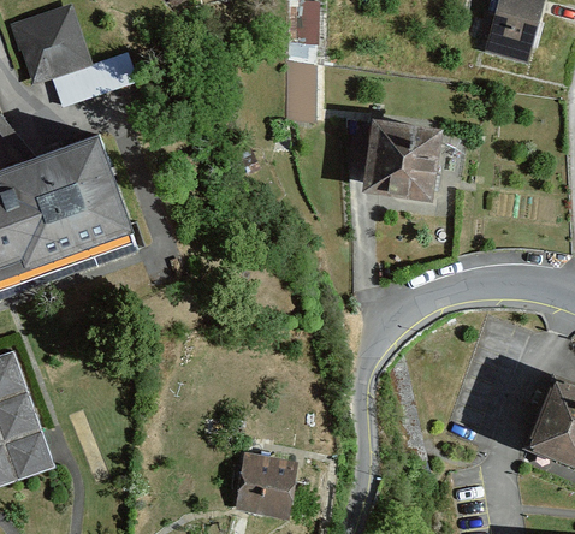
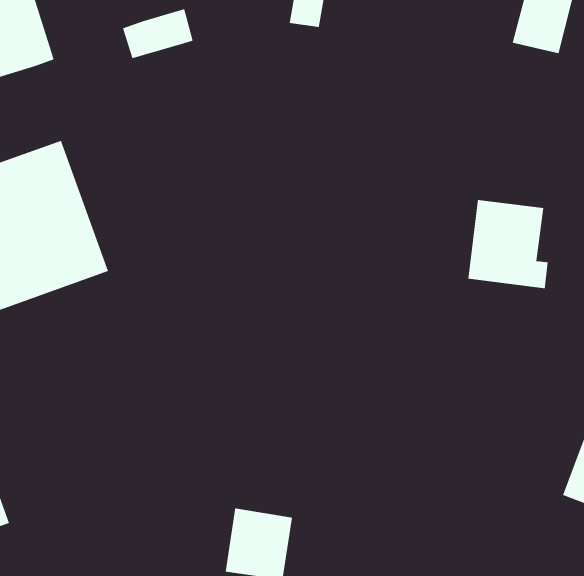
building: [75,54,136,97] -> [122,9,193,59]
building: [288,65,313,118] -> none
building: [363,120,433,197] -> [468,200,548,289]

